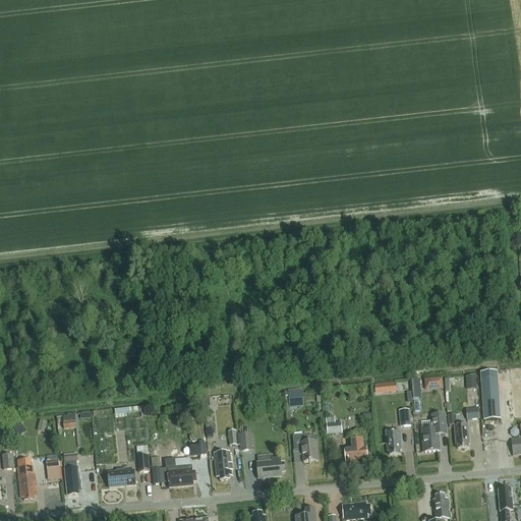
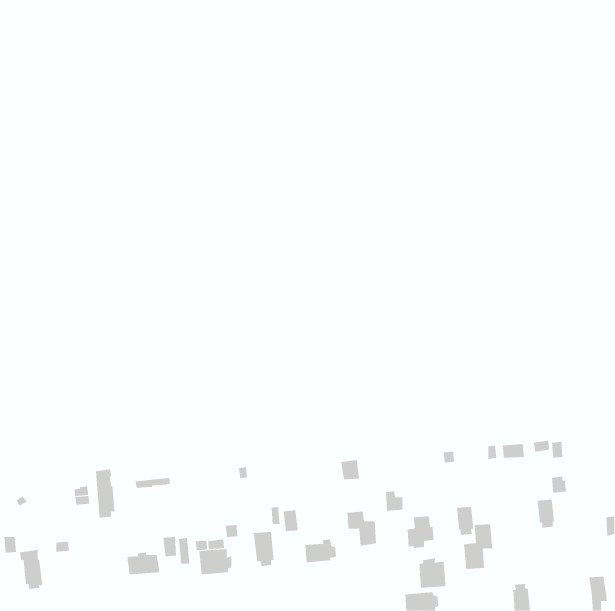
building: [480,369,500,419] -> none
building: [421,411,447,450] -> [463,524,493,569]
building: [64,452,81,494] -> [95,469,116,518]
building: none -> [419,558,446,588]

